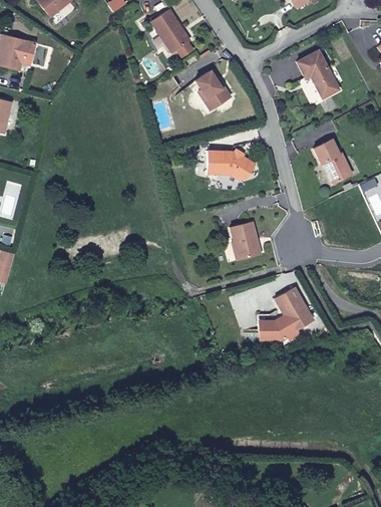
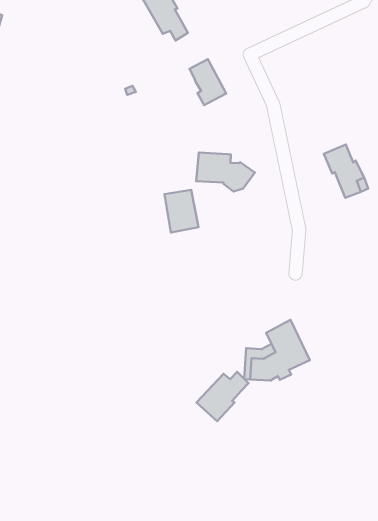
building: [296,47,338,100] -> none
building: [232,222,262,259] -> [165,190,198,233]
building: none -> [197,372,248,421]

